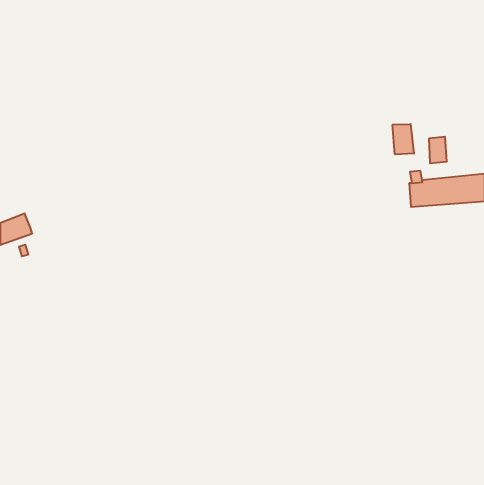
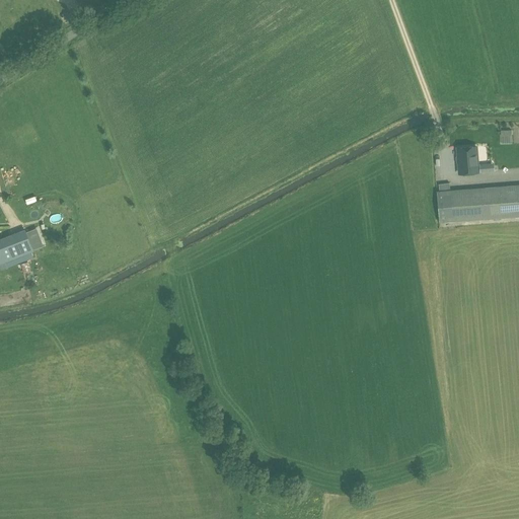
building: [393,124,414,154] -> none

